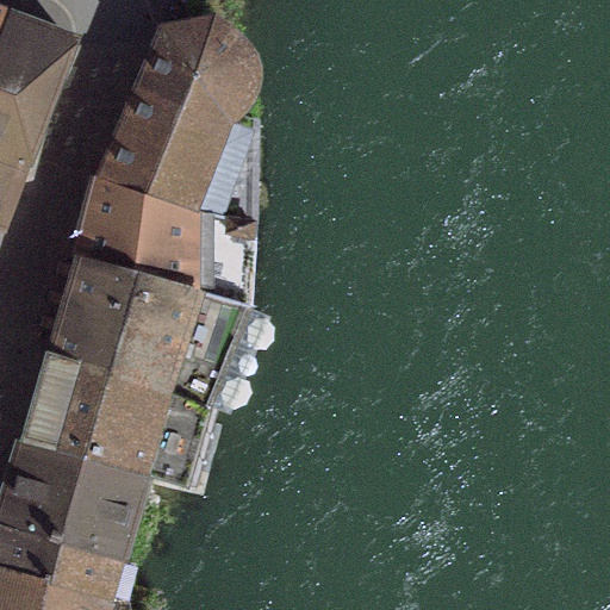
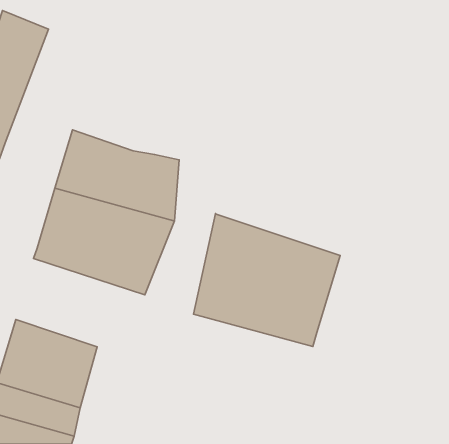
building: [98,19,244,216] -> none
building: none -> [193,214,340,346]
building: [21,349,195,478] -> none

